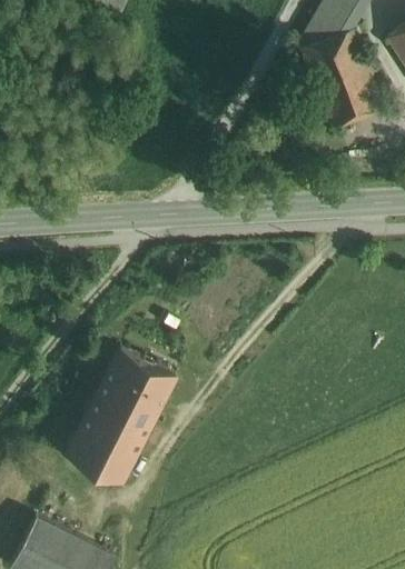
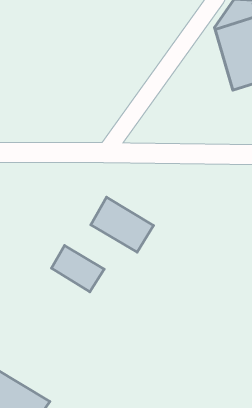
building: none -> [91,197,153,252]
building: [68,378,158,478] -> none

